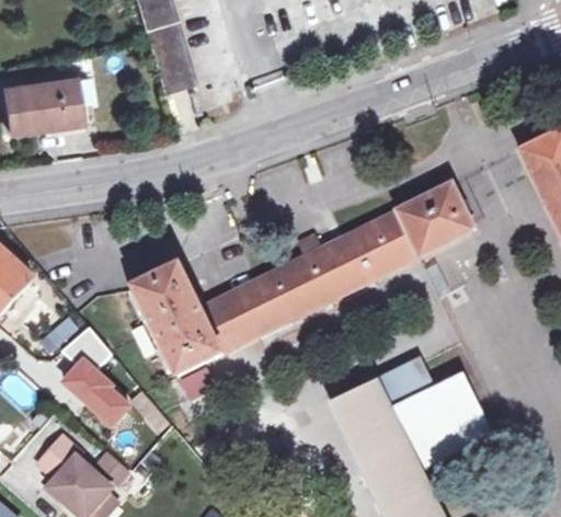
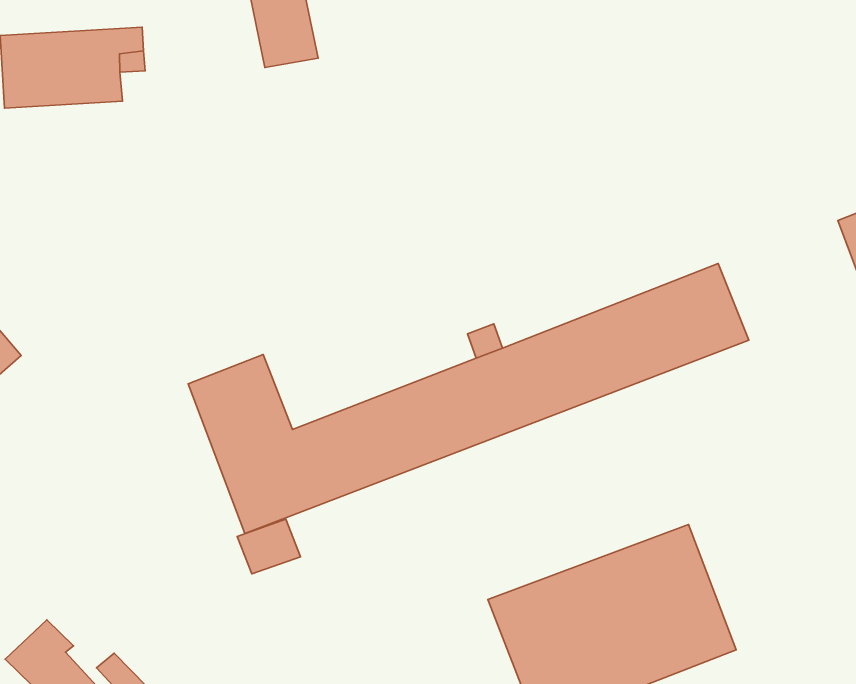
building: [61,325,130,424] -> none

